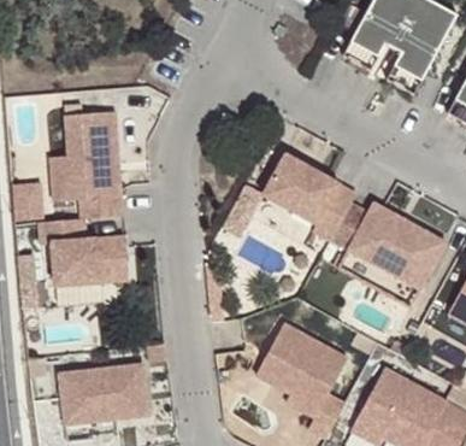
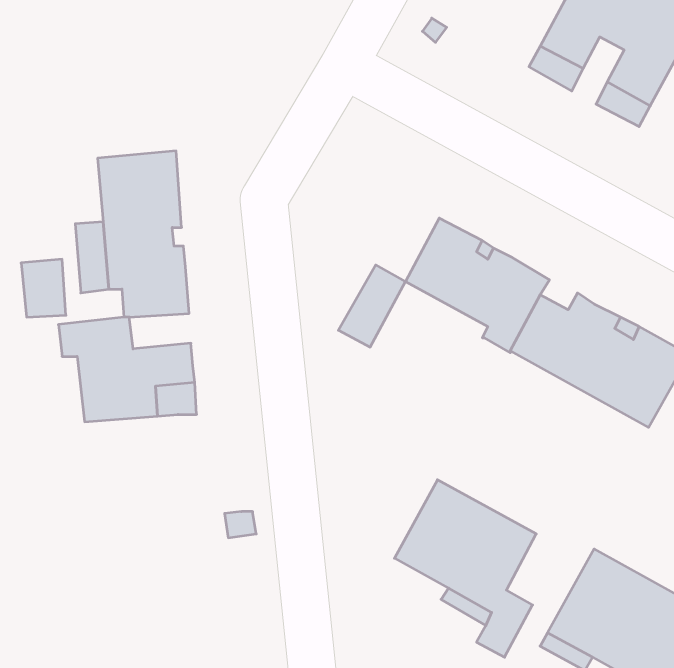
building: [59,363,148,423] -> none

